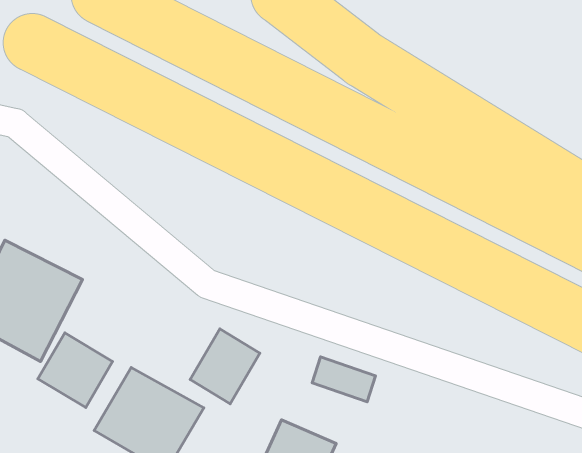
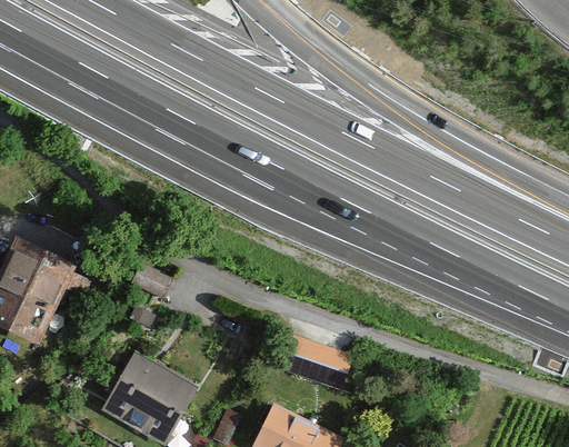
building: [190,329,260,404] -> none
building: [38,333,113,407] -> none

